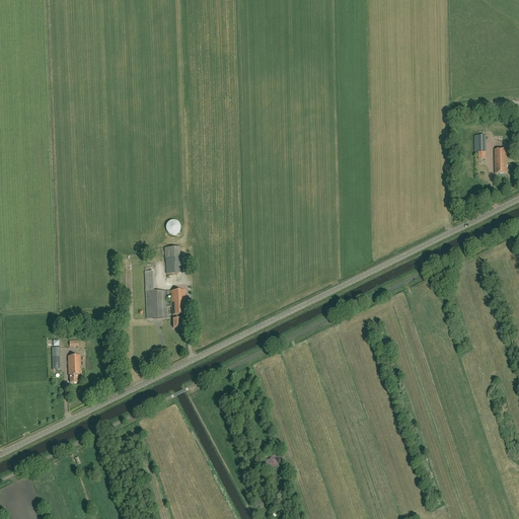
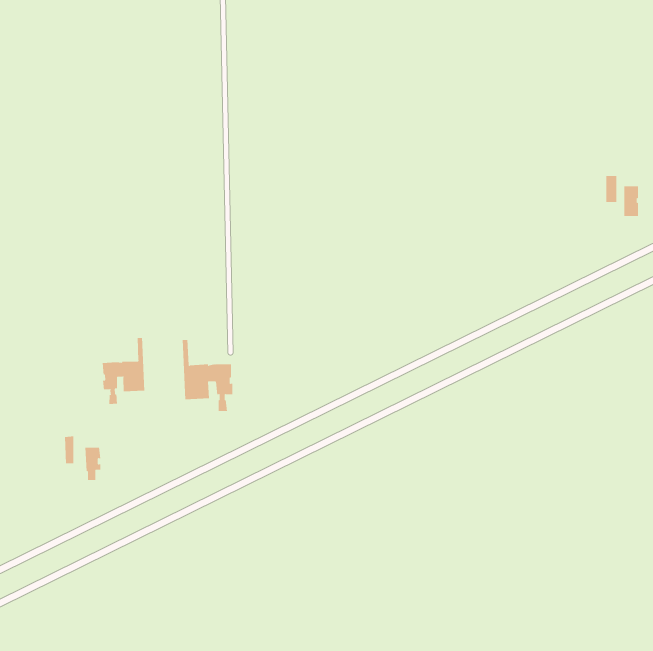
building: [164,245,181,271] -> none
building: none -> [102,337,145,405]

